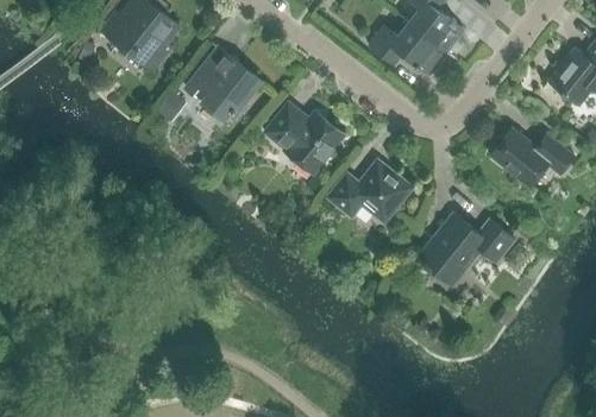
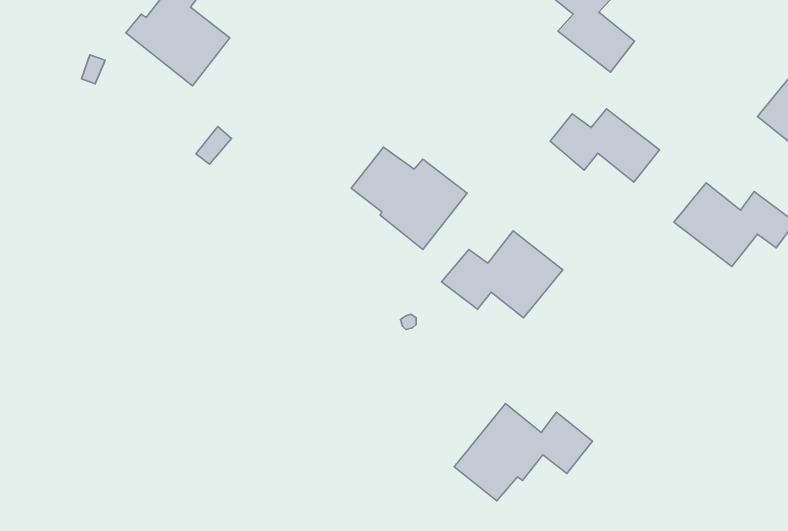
building: [370,24,446,75] -> [550,109,659,182]
building: [194,50,261,118] -> none
building: [419,215,515,283] -> [454,404,592,501]

